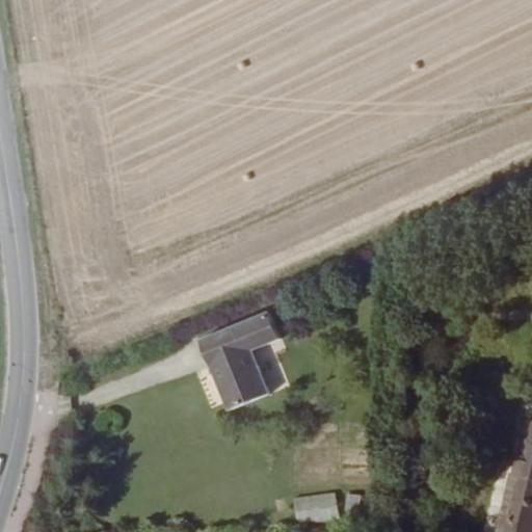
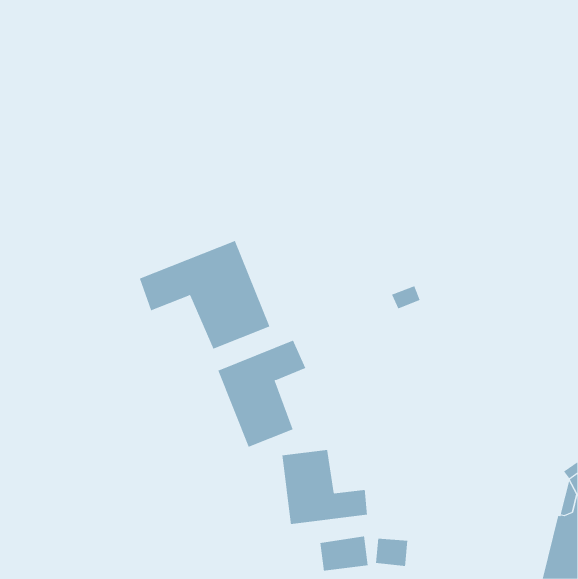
building: none -> [139,240,270,350]
building: none -> [282,449,368,525]

